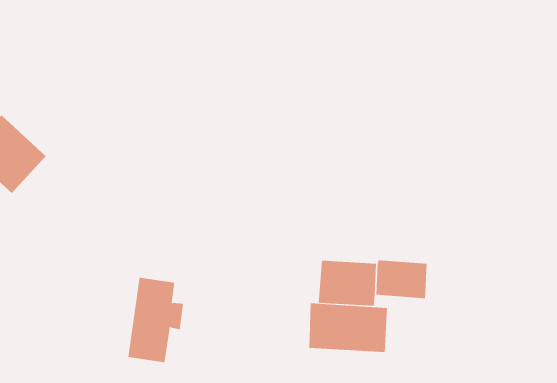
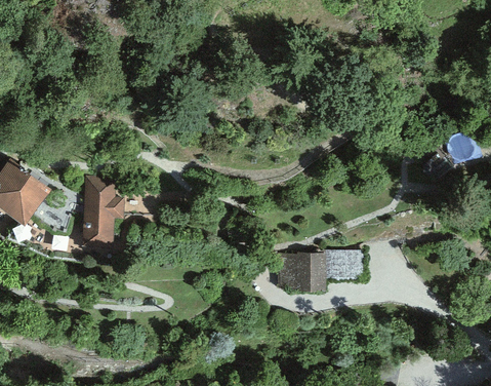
building: [127,277,184,363] -> [81,180,123,247]
building: [309,303,388,353] -> none

